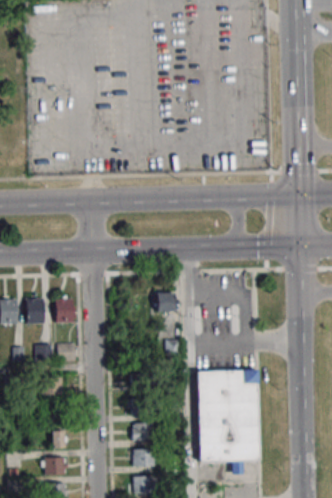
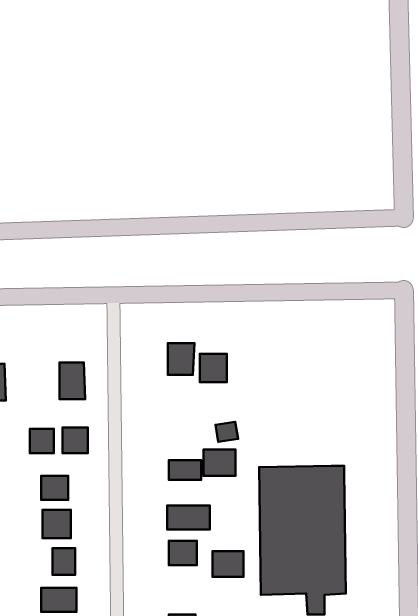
building: none -> [168,343,194,375]
building: [27,298,45,325] -> none
building: none -> [204,450,235,476]
building: [133,448,155,466] -> [212,551,244,577]

